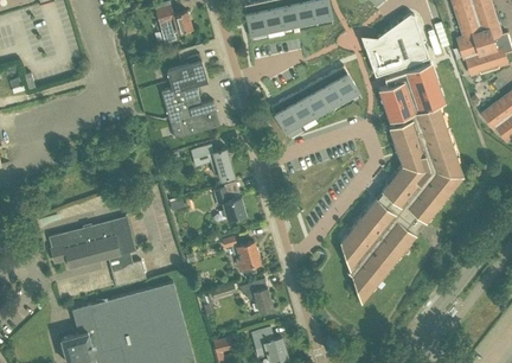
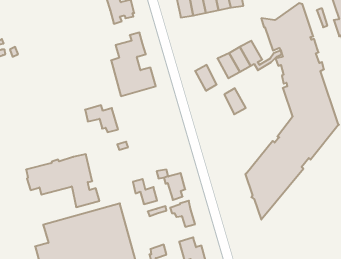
building: [288,89,316,123] -> [224,88,246,114]
building: [191,145,235,180] -> [85,105,118,132]
building: [213,186,245,219] -> [133,179,157,204]

